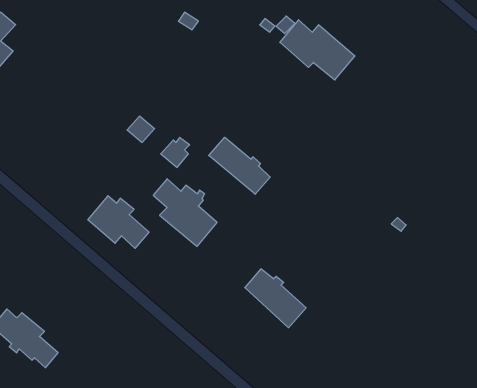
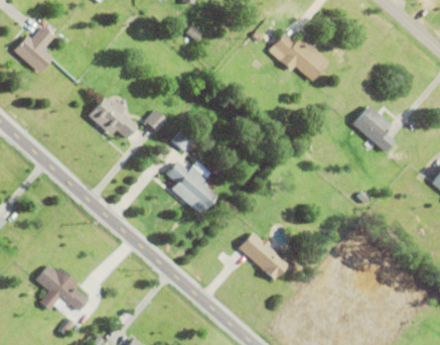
building: none -> [352,105,395,151]
building: [209,137,270,194] -> none
building: [88,196,149,248] -> [89,97,138,139]

